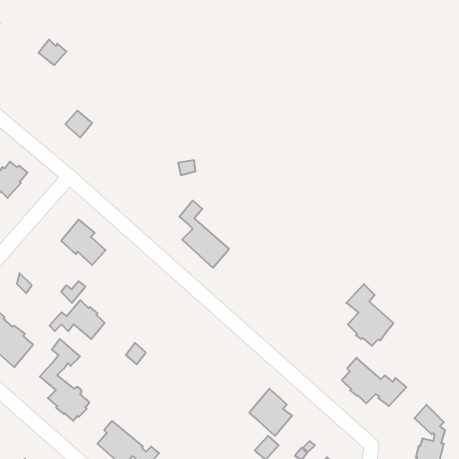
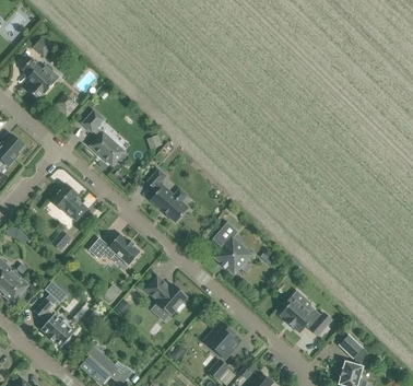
building: none -> [22,58,59,100]
building: none -> [82,109,126,165]
building: [346,284,393,346] -> [213,223,251,273]
building: [49,300,105,339] -> [95,233,140,265]
building: none -> [145,276,187,320]

